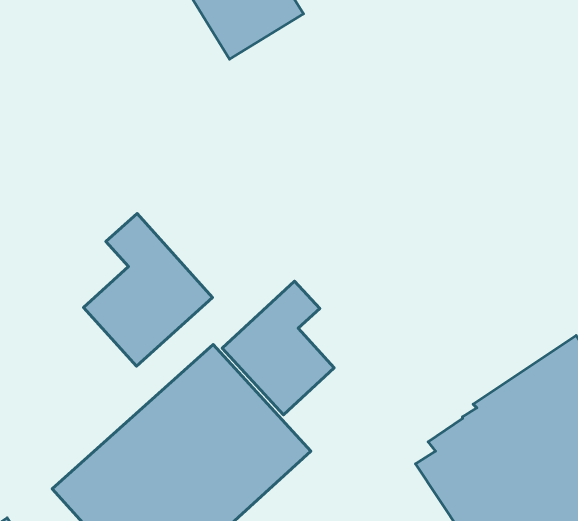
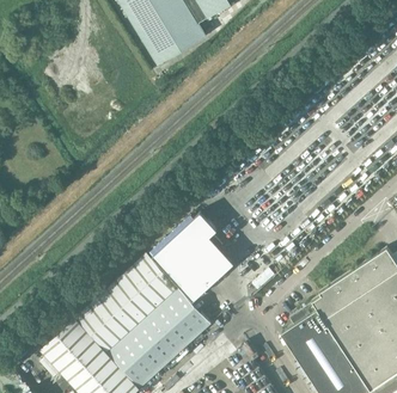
building: [84,213,213,366] -> none

